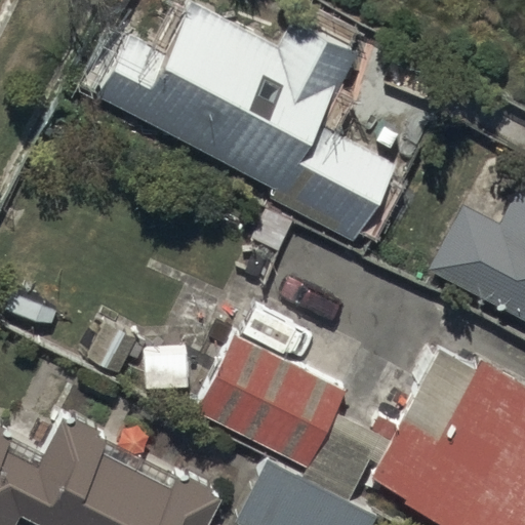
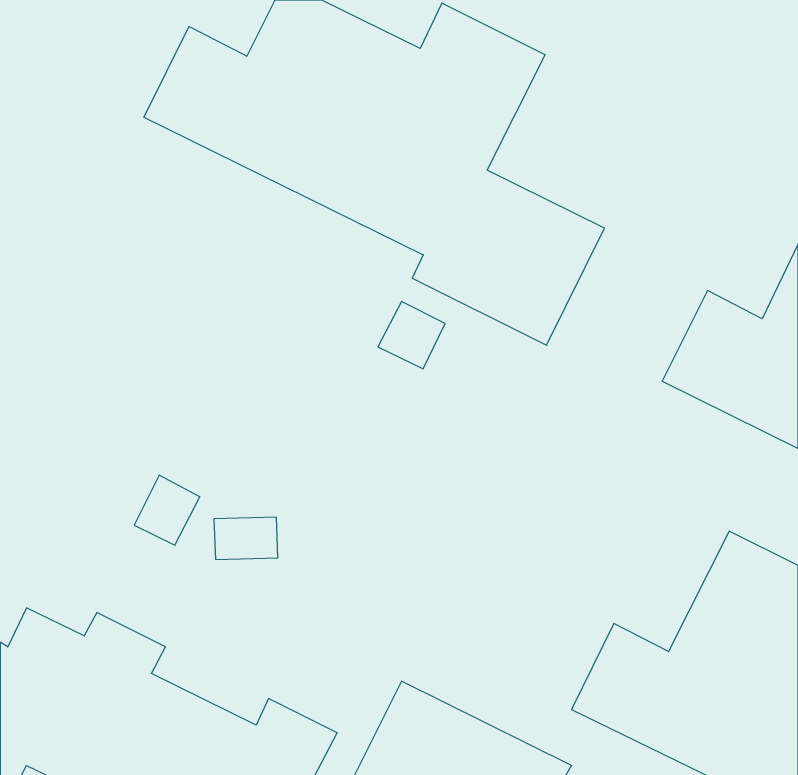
building: [194,340,345,472] -> none

